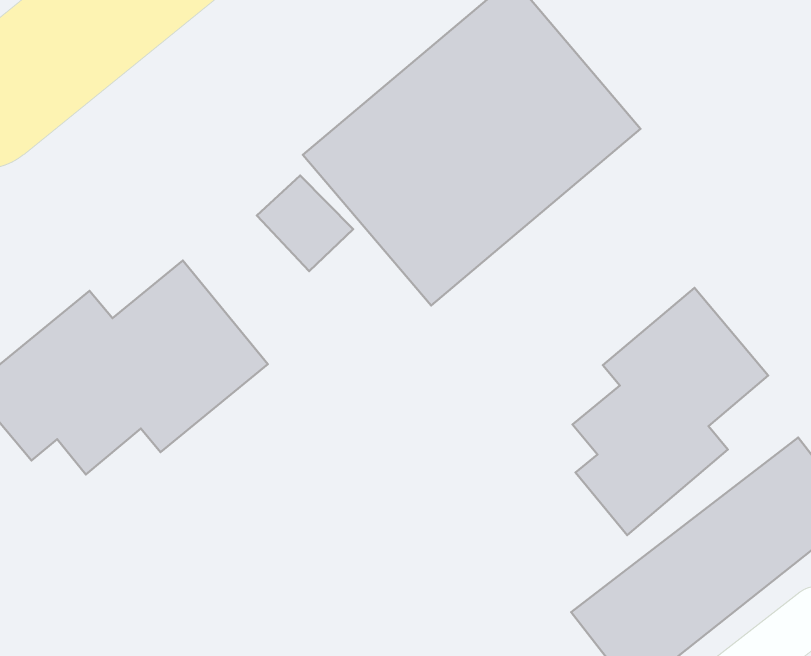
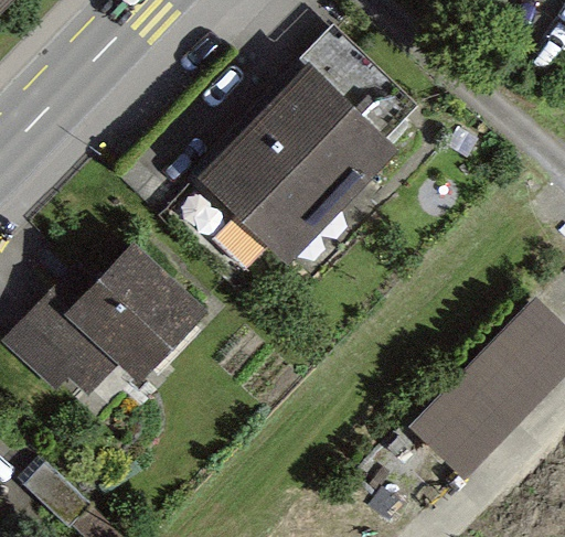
building: [572,288,768,535] -> none

